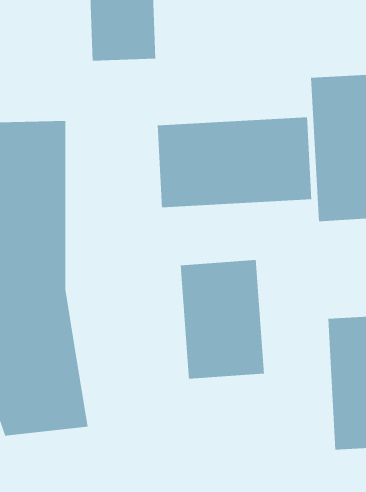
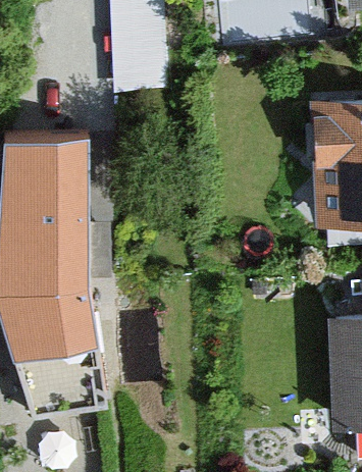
building: [157,116,312,208] -> none
building: [180,259,265,380] -> none

